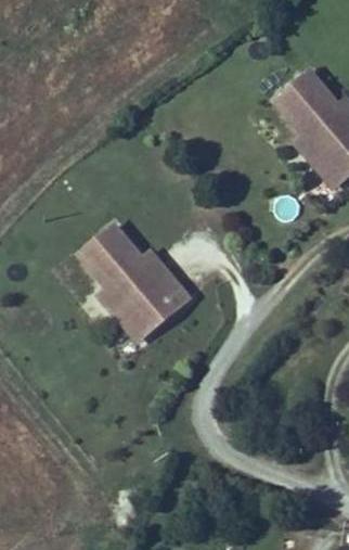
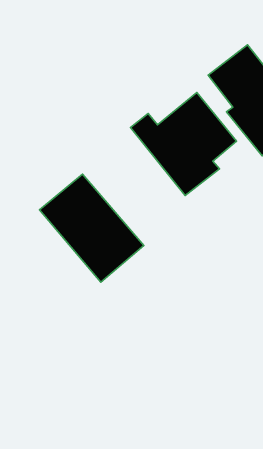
building: none -> [131,93,237,196]

